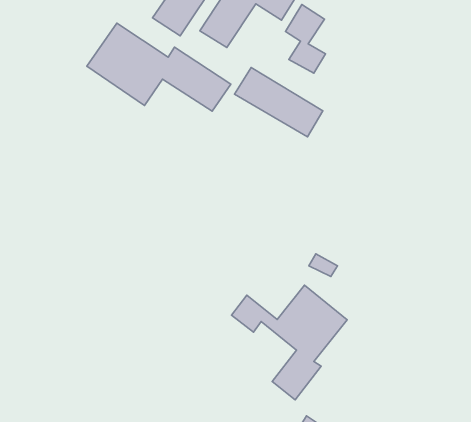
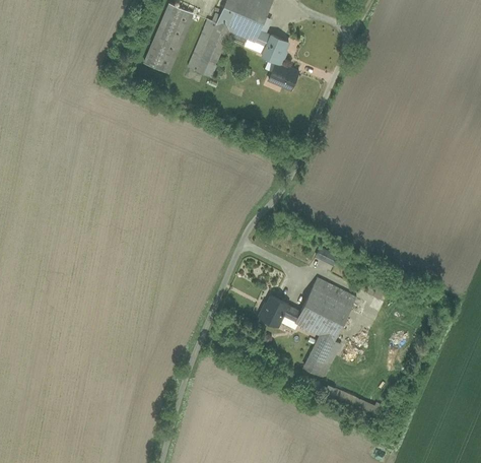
building: [87,23,231,111] -> none
building: [235,68,323,137] -> none

